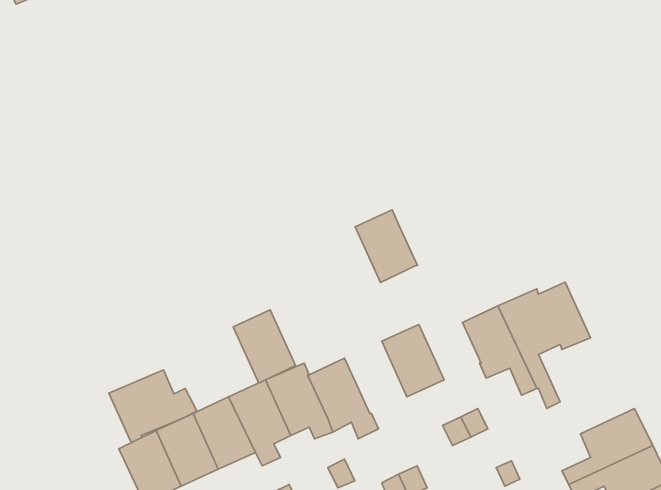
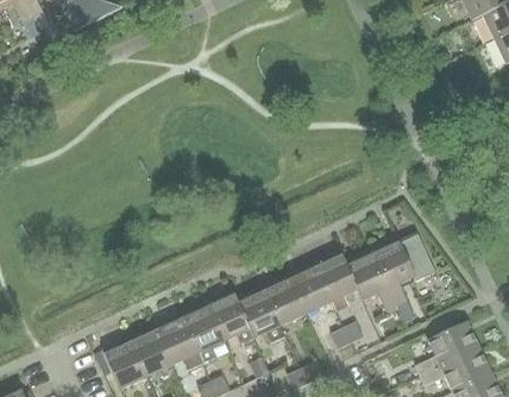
building: [355,210,417,282] -> [314,251,358,302]
building: [233,310,296,382] -> [262,275,306,326]
building: [109,370,197,442] -> none

